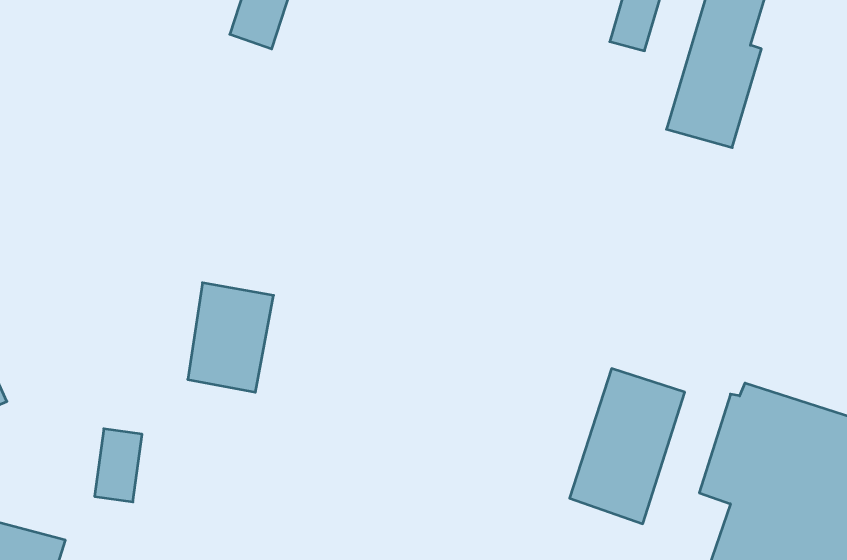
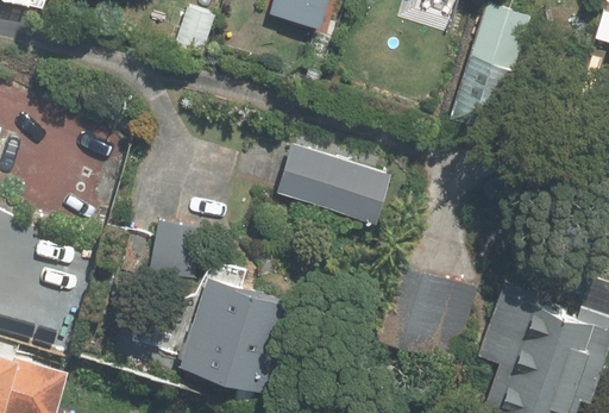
building: none -> [272,145,385,220]
building: none -> [183,275,296,390]

